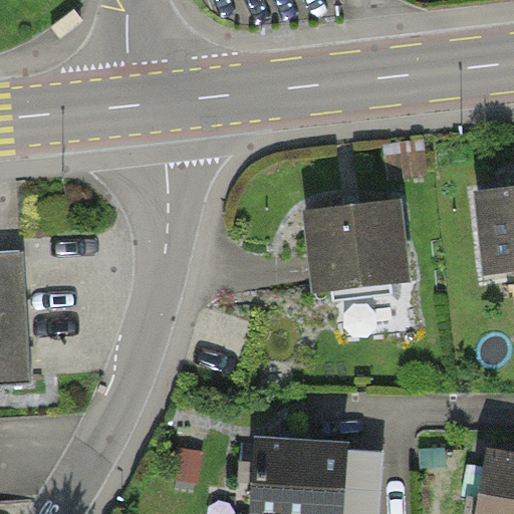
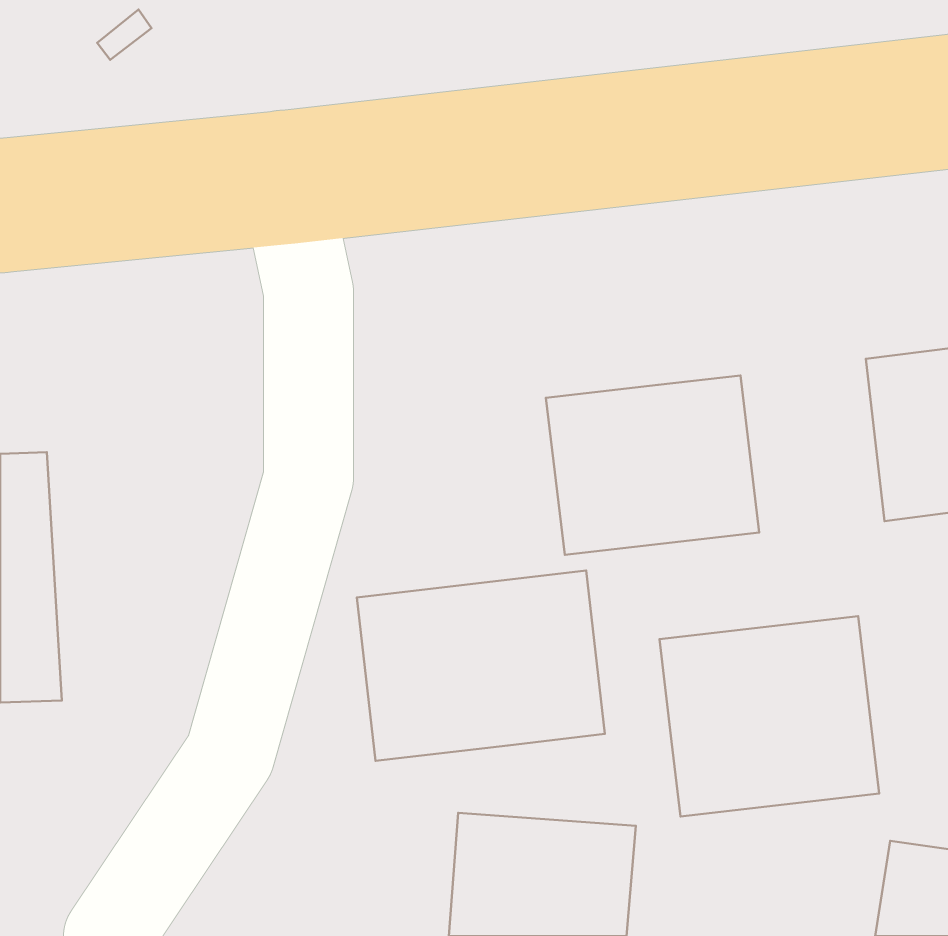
building: none -> [357,571,605,761]
building: none -> [659,616,879,816]

